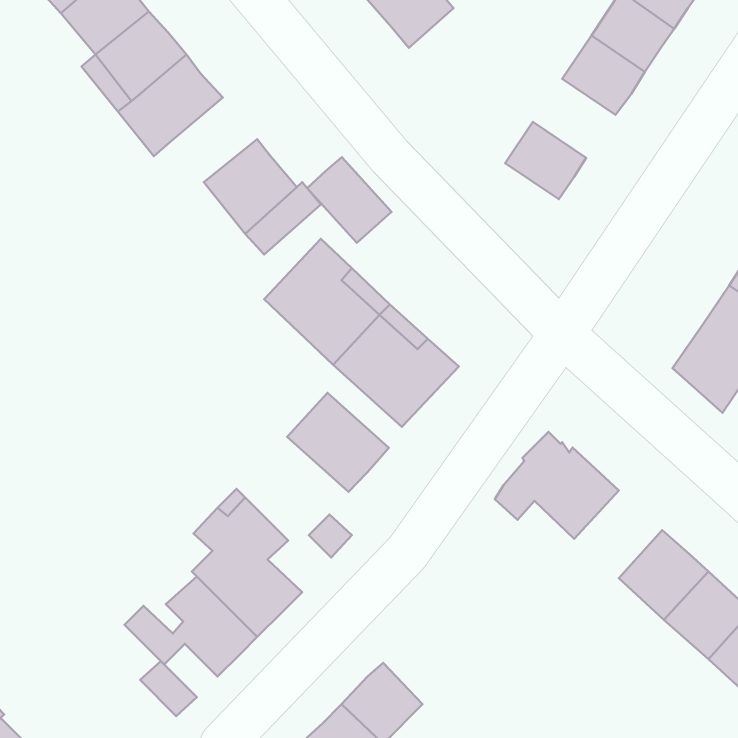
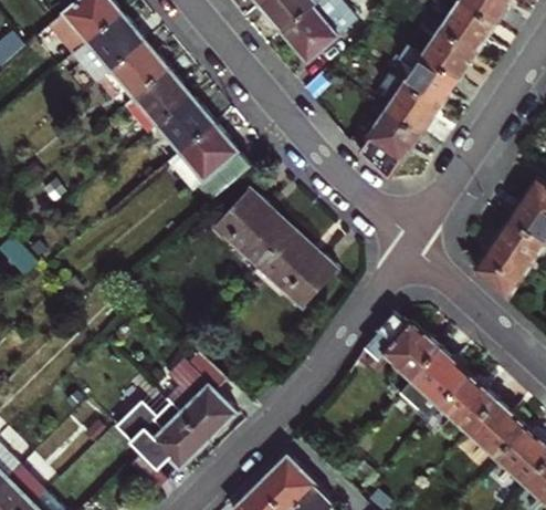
building: none -> [386,83,439,134]
building: none -> [153,95,209,149]
building: [307,157,392,243] -> none
building: [287,393,389,492] -> none
building: none -> [412,347,469,404]

